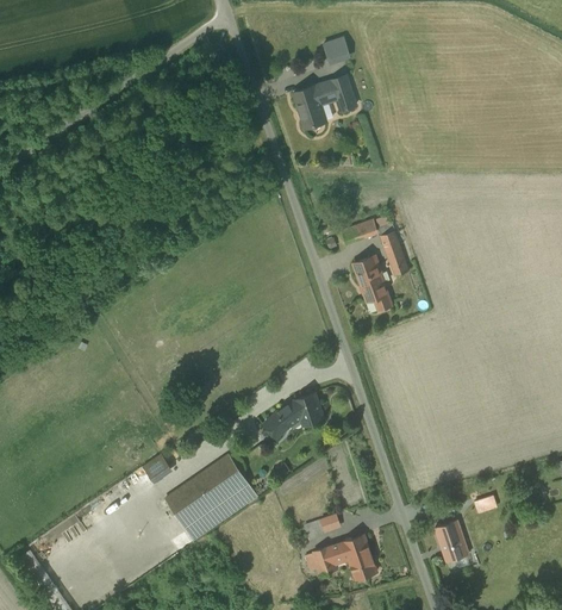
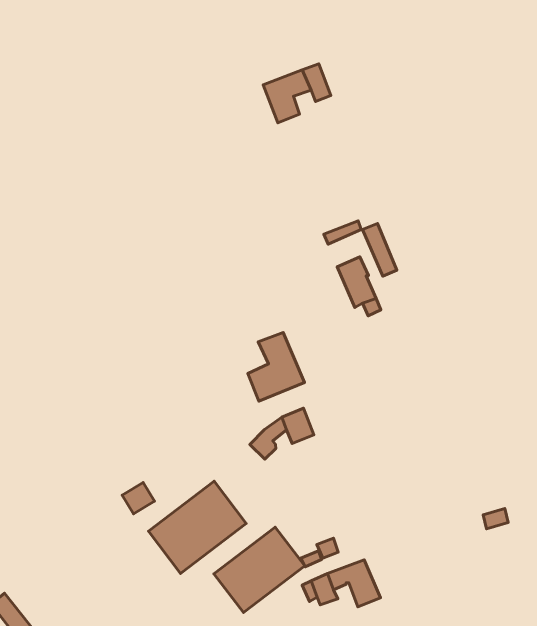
building: [323,36,351,66] -> none
building: none -> [248,333,304,401]
building: none -> [214,527,305,613]
building: [435,521,468,562] -> none

